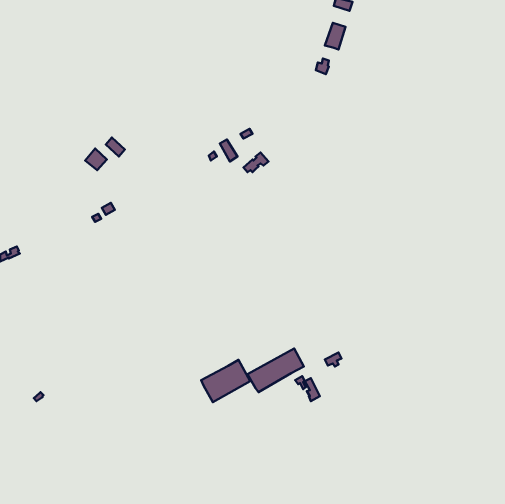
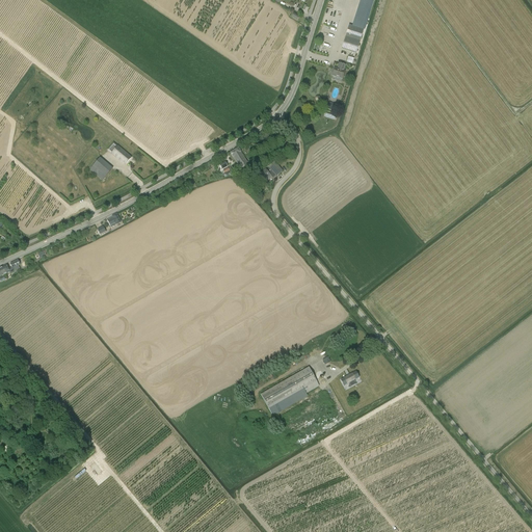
building: [201,360,250,402] -> none

